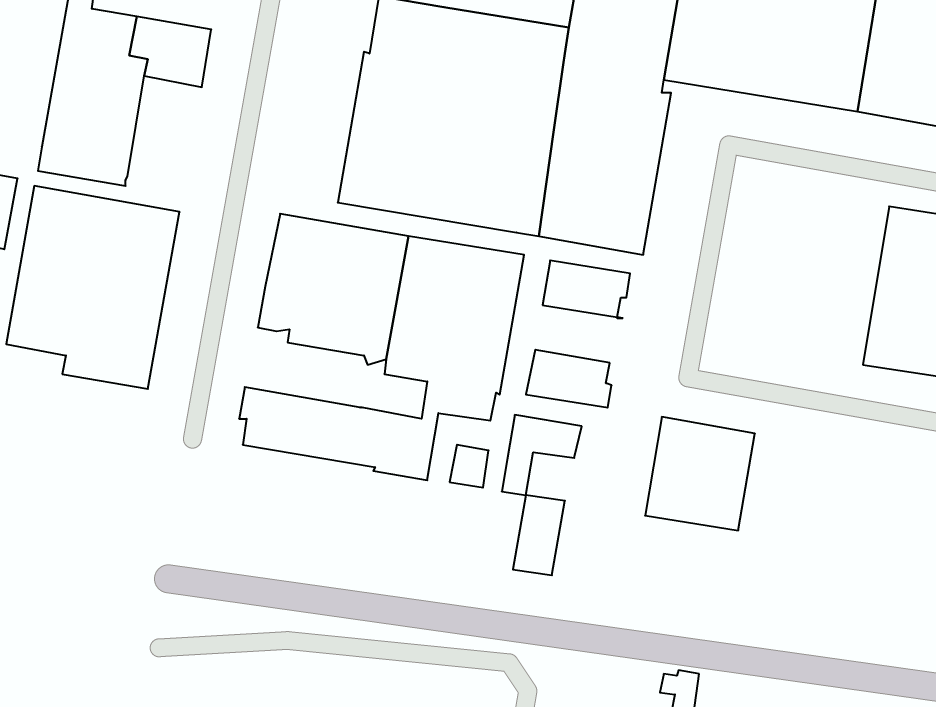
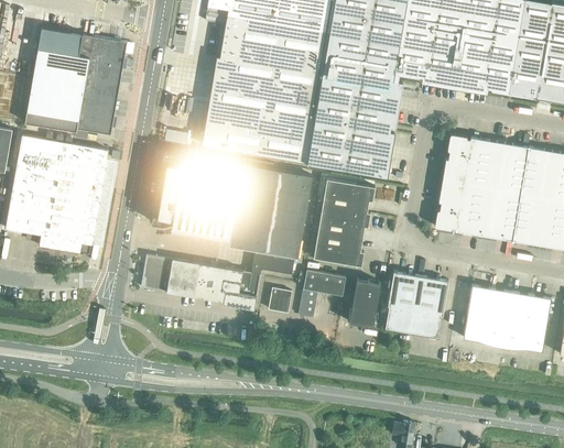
building: none -> [77,70,121,135]
building: none -> [434,135,528,241]
building: none -> [318,206,370,240]
building: none -> [463,285,551,351]
building: [513,495,565,575] -> [349,280,380,327]

